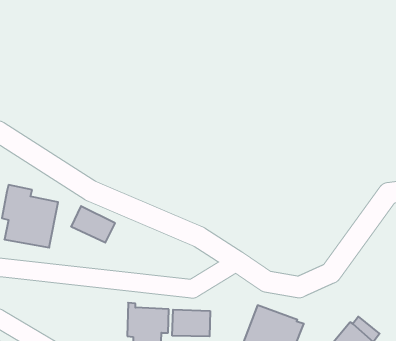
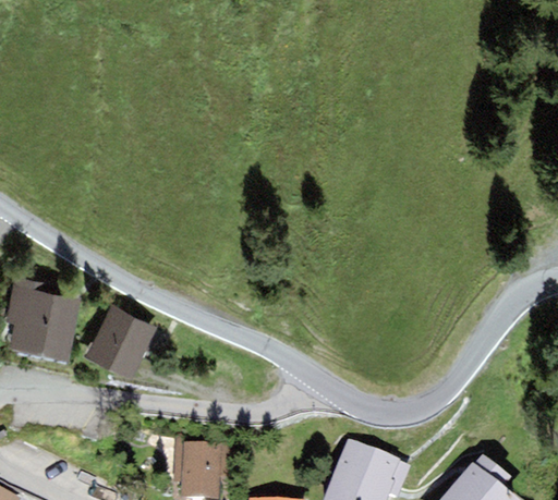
building: none -> [86,333,144,379]
building: [172,310,210,336] -> none

